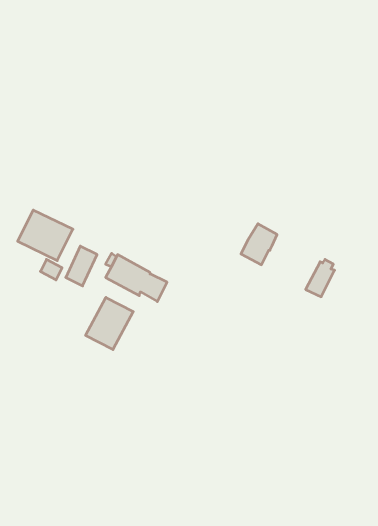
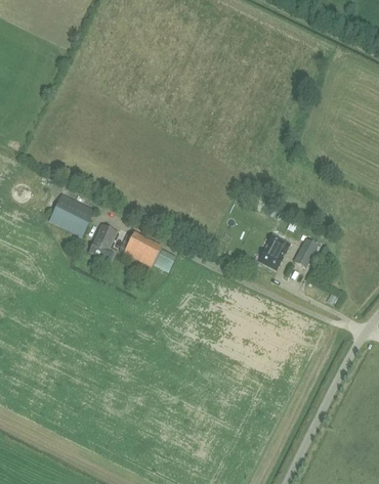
building: [241,224,277,265] -> [259,234,290,269]
building: [86,297,133,350] -> none

